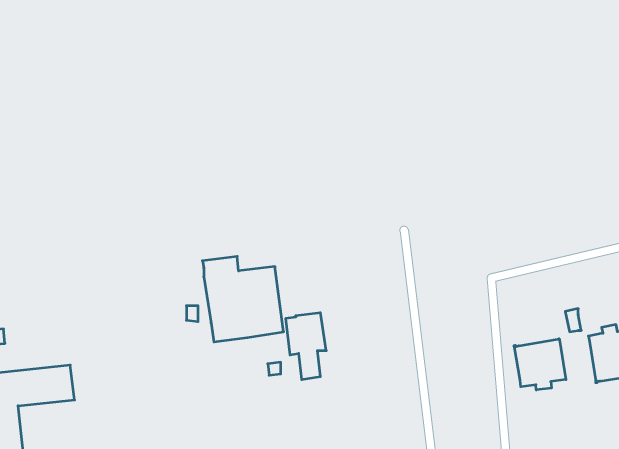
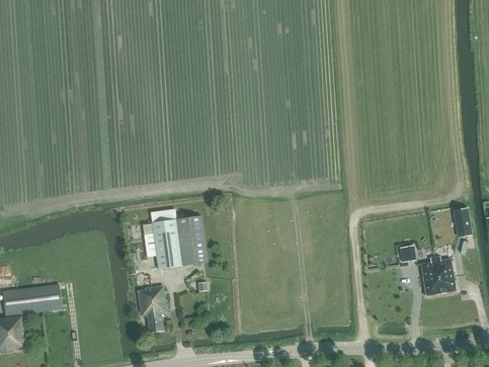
building: [286,313,326,380] -> [138,285,166,332]
building: [514,339,566,390] -> none

